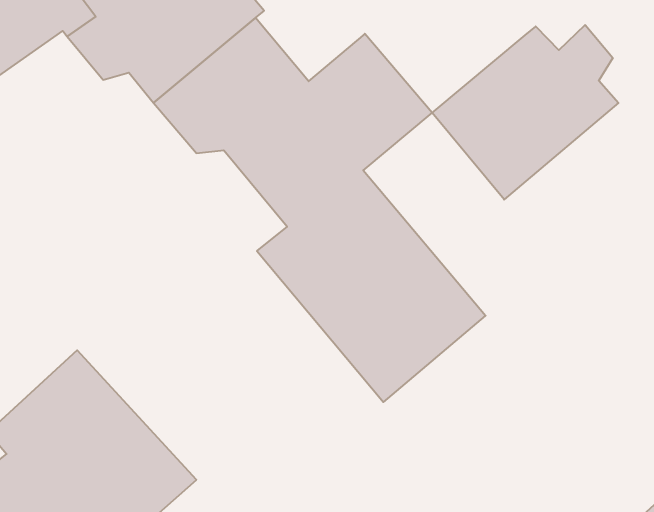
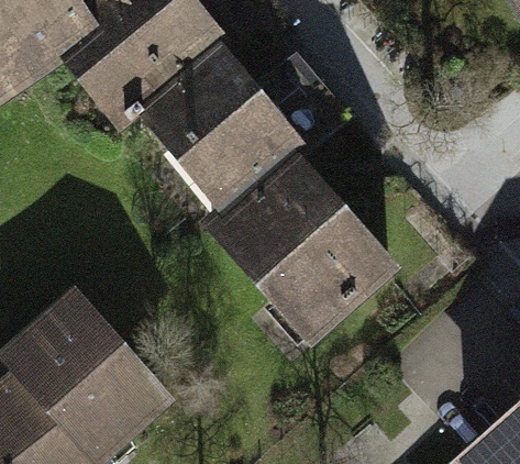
building: [432,25,618,200] -> none

